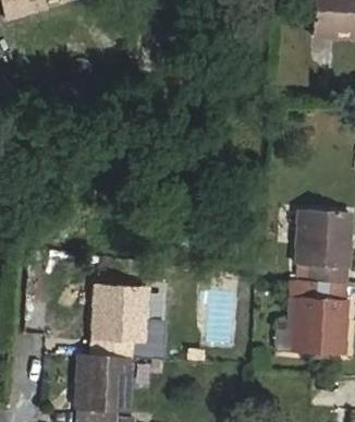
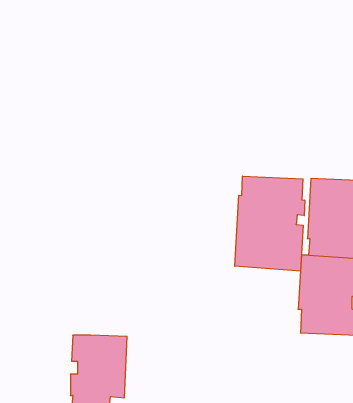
building: none -> [235,176,305,271]
building: [94,282,161,355] -> none

